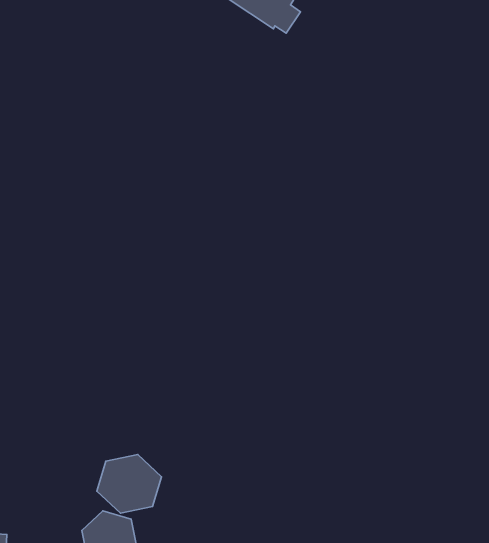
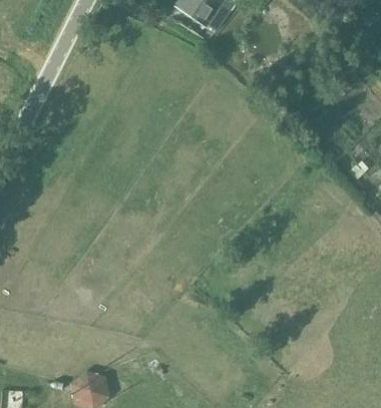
building: [97,455,161,513] -> none

